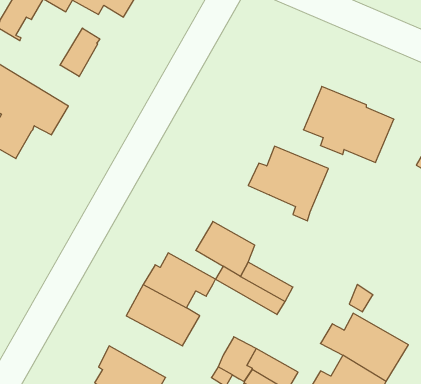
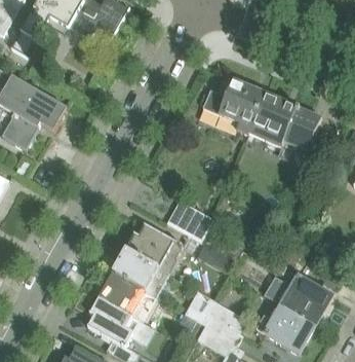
building: [60,28,100,77] -> none
building: [248,146,328,221] -> [201,76,264,135]
building: none -> [97,274,155,322]

